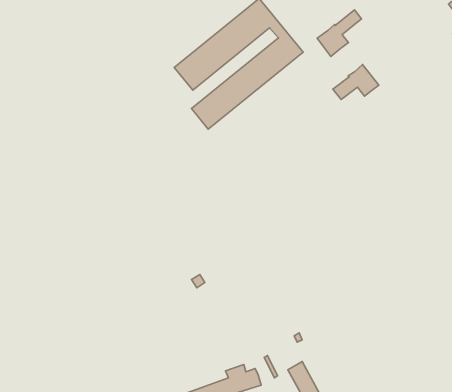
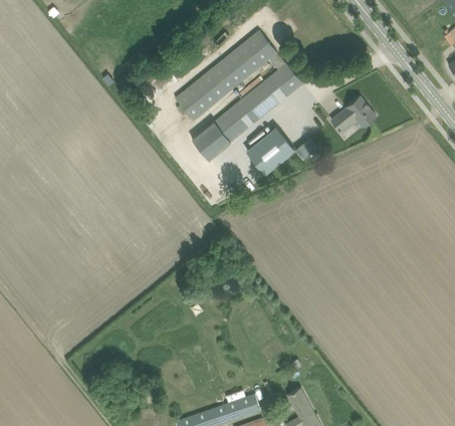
building: [317,10,361,56] -> none
building: none -> [247,129,294,175]

